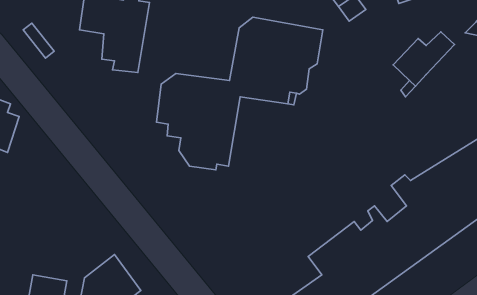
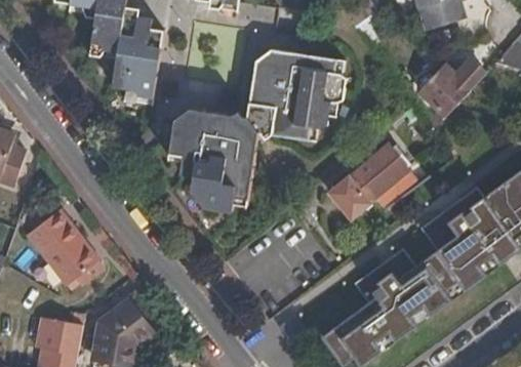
building: none -> [330,146,409,219]
building: none -> [27,212,95,285]

